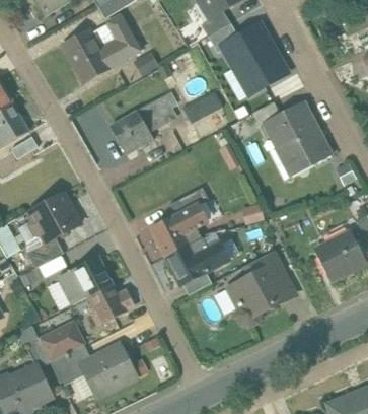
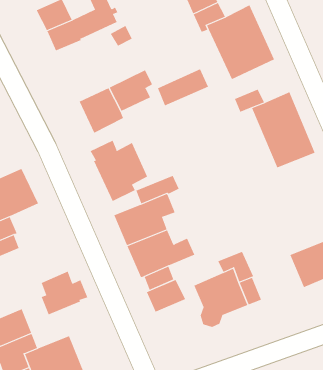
building: none -> [90,140,148,202]
building: [58,256,113,303] -> none
building: none -> [146,279,186,313]

